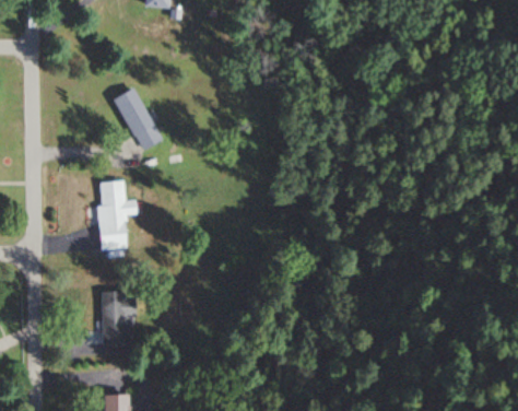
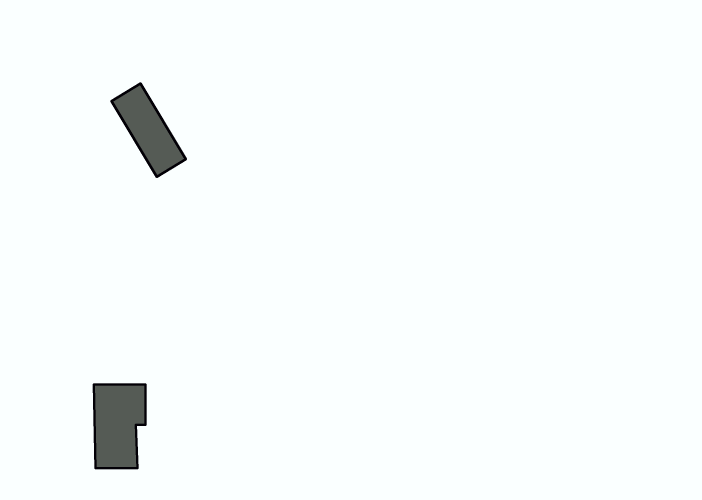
building: [96,180,138,251] -> none

